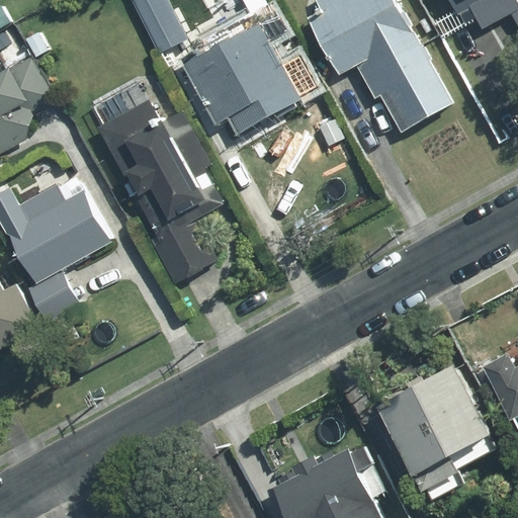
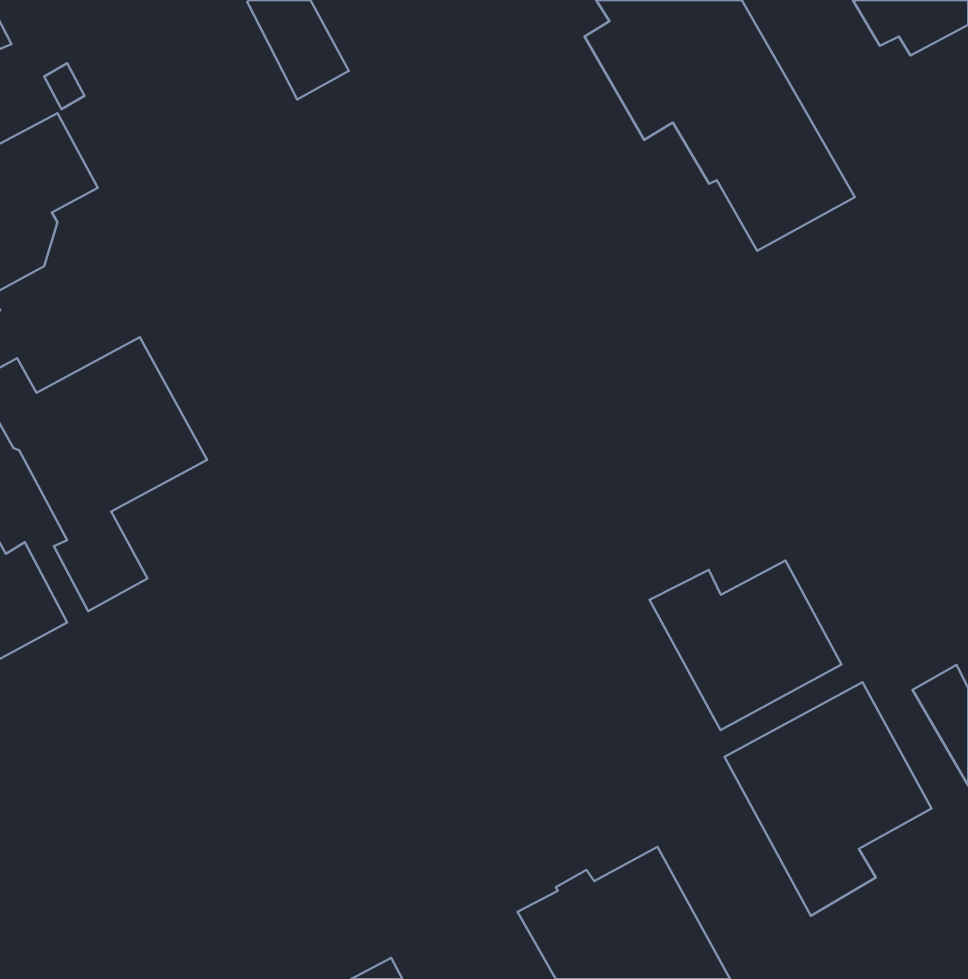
building: [183,5,299,135] -> none
building: [97,102,222,283] -> none
building: none -> [650,560,842,730]

